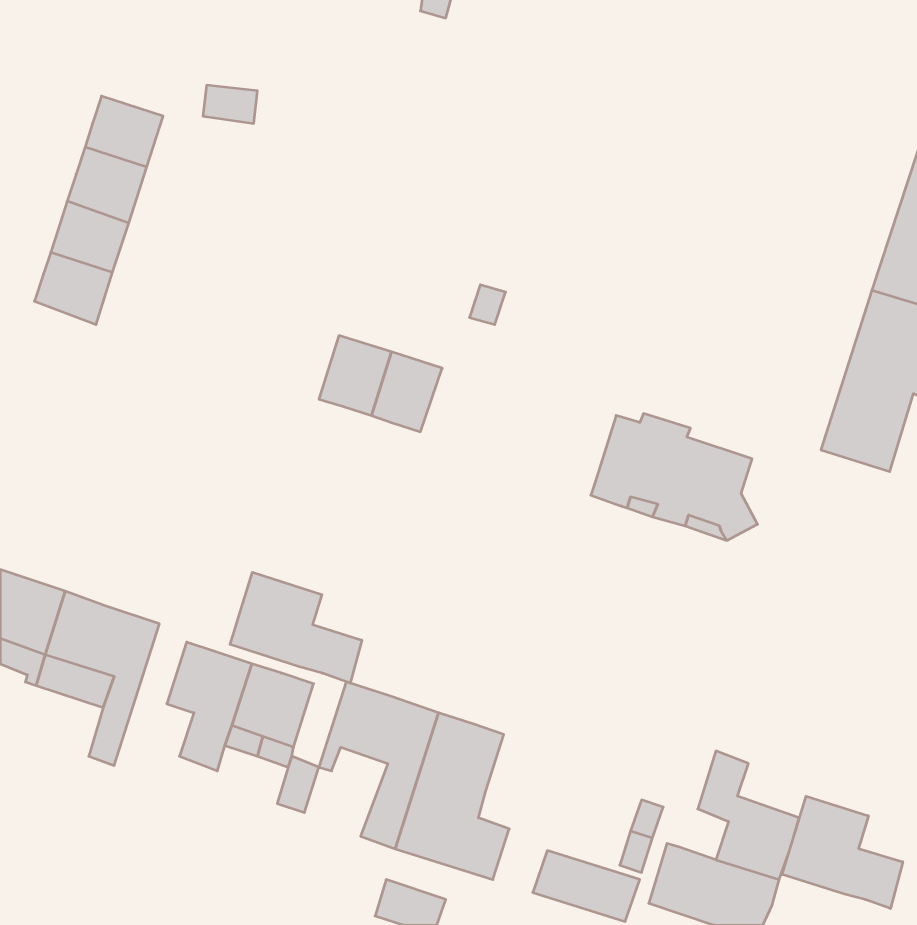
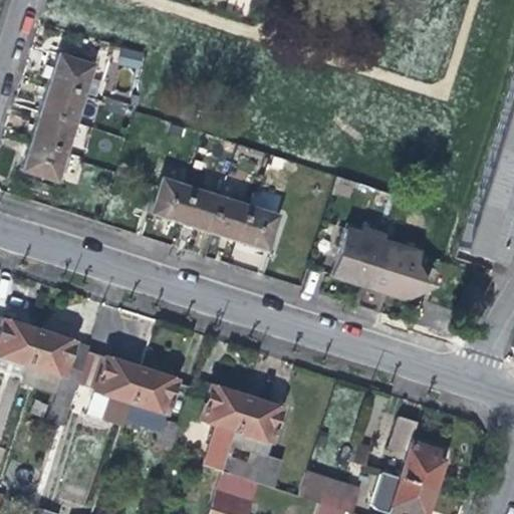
building: none -> [153,176,193,221]
building: none -> [238,204,279,249]
building: [230,572,362,683] -> none
building: [782,796,903,909] -> none

